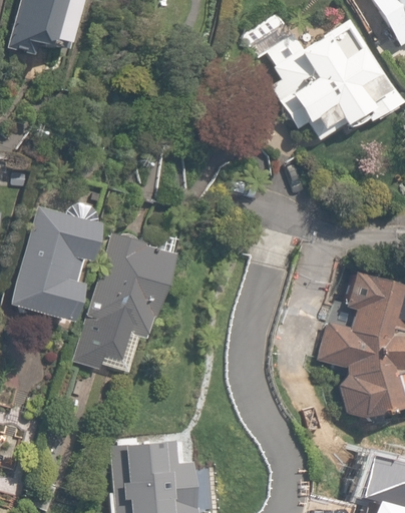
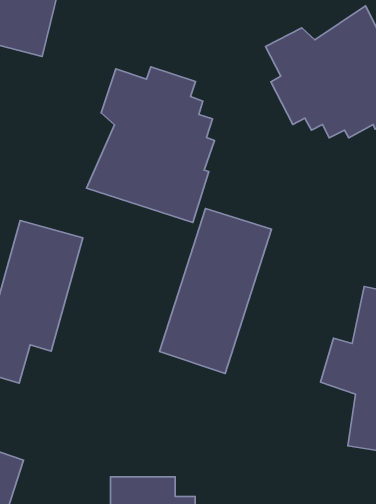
building: none -> [86,67,215,222]
building: [73,230,175,381] -> [159,208,271,373]

